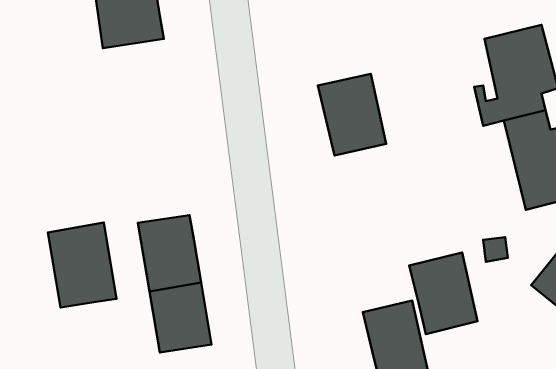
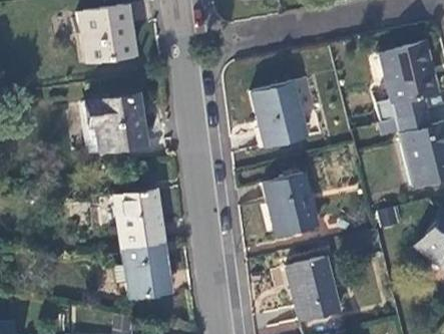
building: none -> [86,96,146,152]
building: [48,223,117,307] -> none
building: [409,252,478,334] -> [264,173,317,236]

